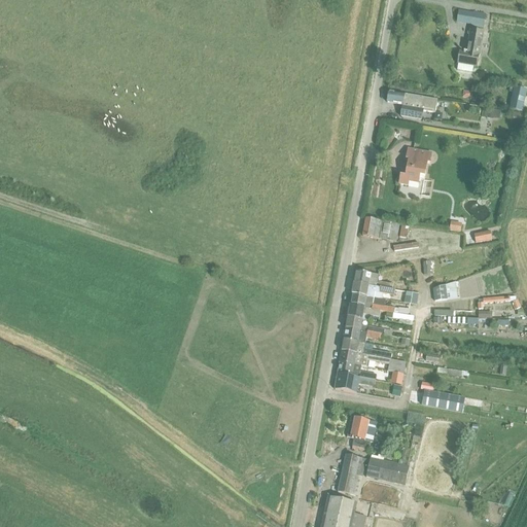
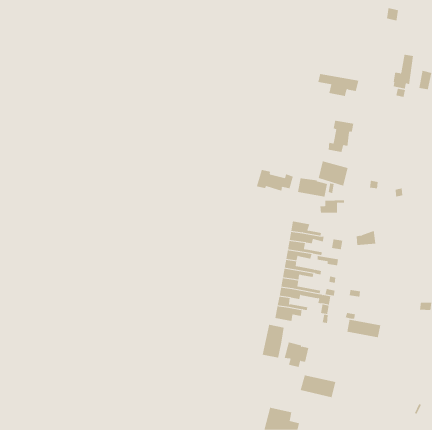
building: [456,28,482,70] -> [393,54,414,89]
building: none -> [318,160,348,186]
building: none -> [256,169,294,191]
building: [337,453,364,494] -> [262,324,285,358]

